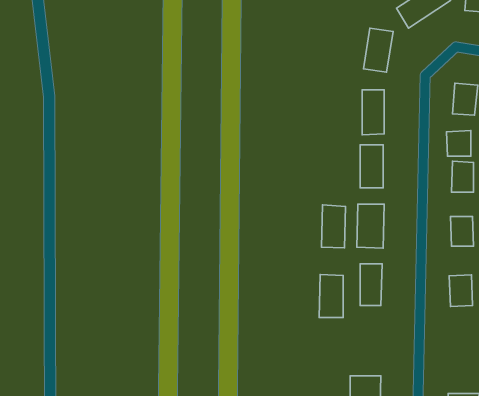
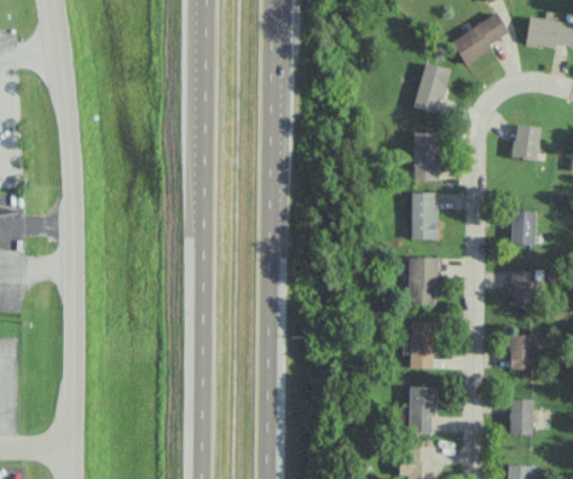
building: [447,131,471,156] -> none
building: [321,205,345,248] -> none
building: [319,274,343,317] -> [409,386,435,433]
building: none -> [510,399,533,435]

